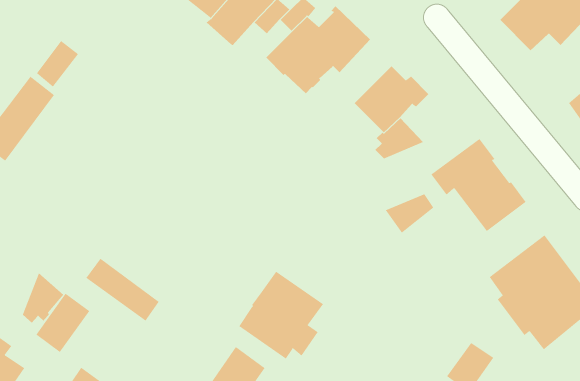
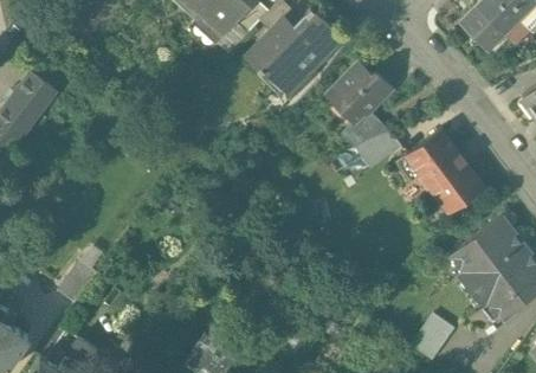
building: [36,40,79,87] -> none
building: [385,193,434,234] -> [354,134,399,171]
building: [85,258,160,322] -> none
building: [238,271,324,359] -> none
building: [22,272,64,324] -> none

